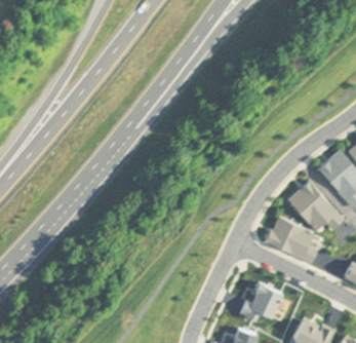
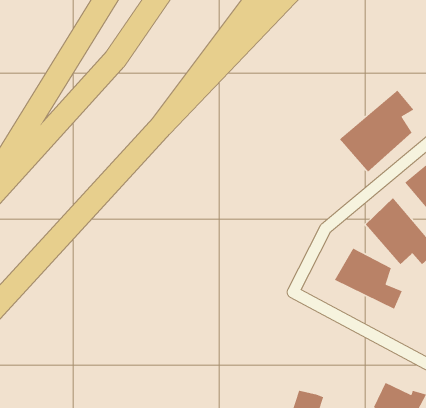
building: none -> [339,90,414,172]
building: [240,283,279,318] -> none

